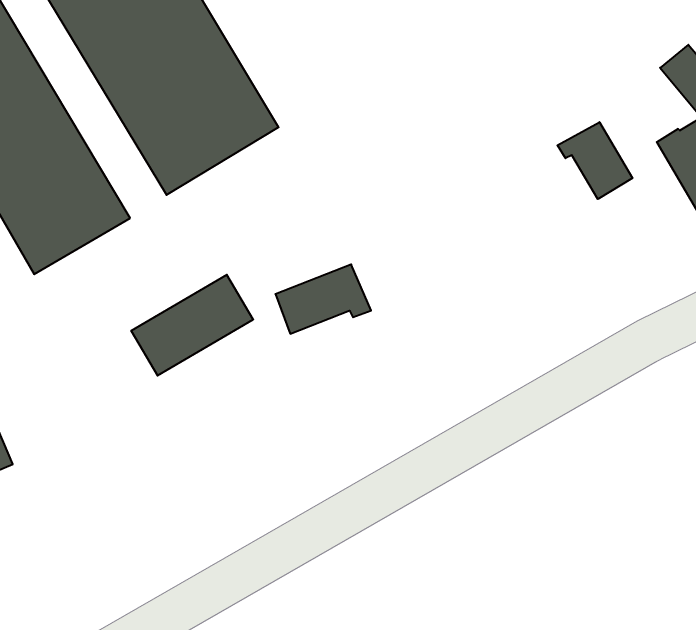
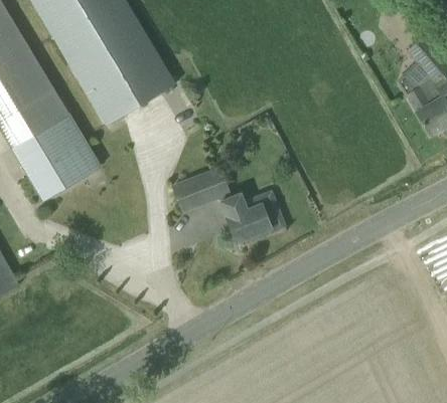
building: [557,122,632,199] -> none
building: [131,275,253,376] -> [25,139,100,200]
building: none -> [219,191,285,241]

